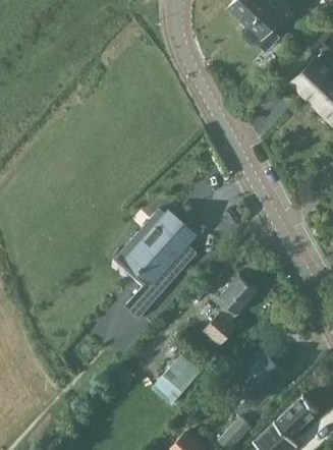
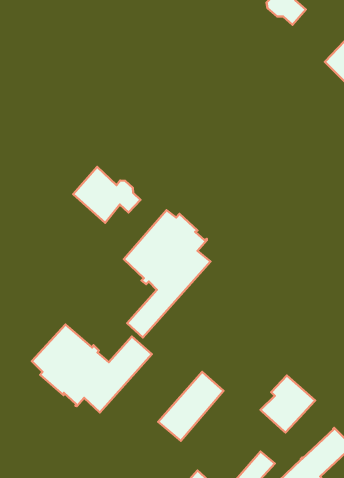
building: none -> [73,167,141,223]
building: [203,277,258,346] -> none
building: none -> [32,324,152,413]

